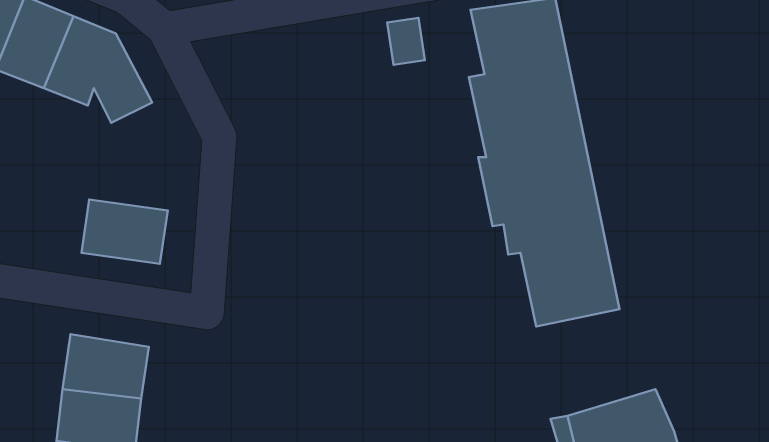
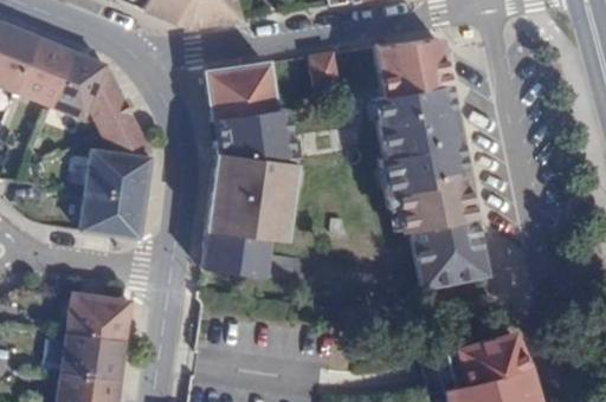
building: none -> [202,63,295,277]
building: none -> [86,117,152,199]

